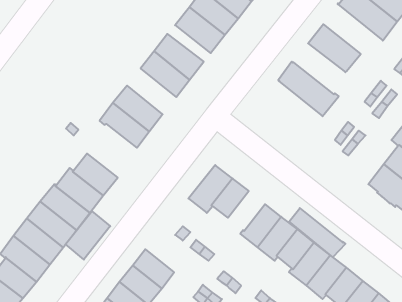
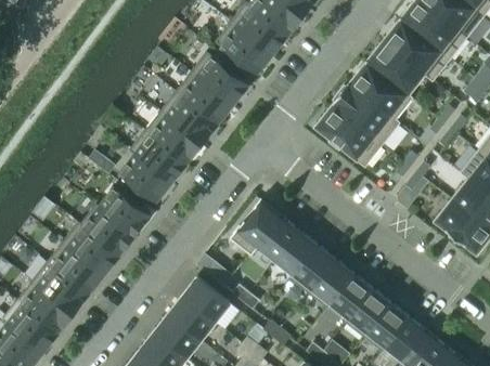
building: none -> [384,18,451,81]
building: none -> [350,62,413,120]
building: none -> [162,91,217,143]
building: none -> [315,105,383,167]
building: none -> [121,154,172,201]
building: none -> [275,230,318,275]
building: [289,208,345,257] -> none
building: [65,211,110,260] -> none
building: none -> [182,277,230,322]

